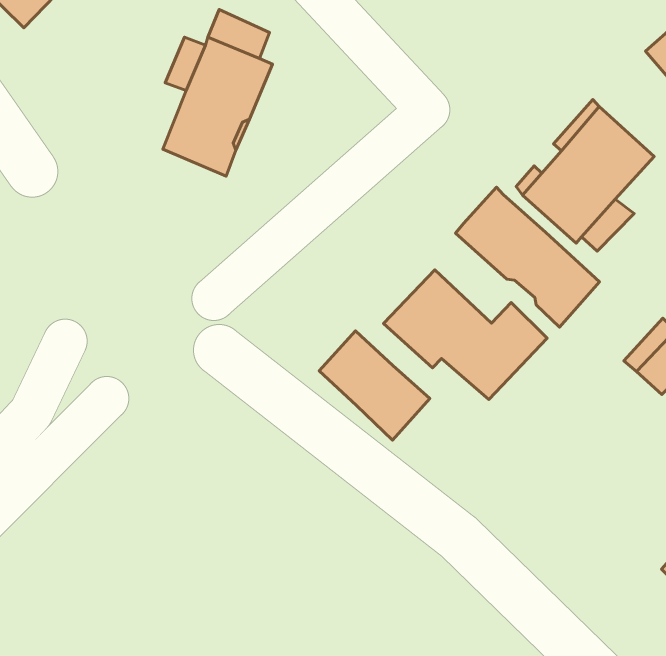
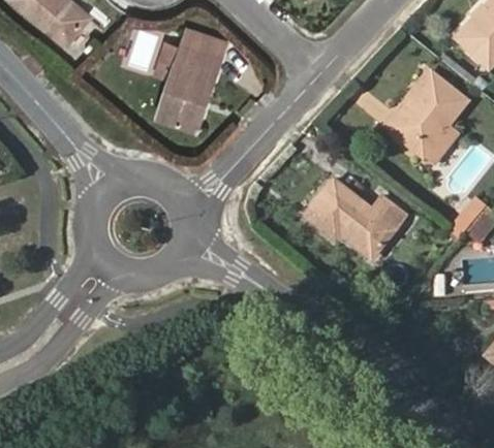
building: [455,187,599,327] -> none
building: [319,331,430,440] -> none

